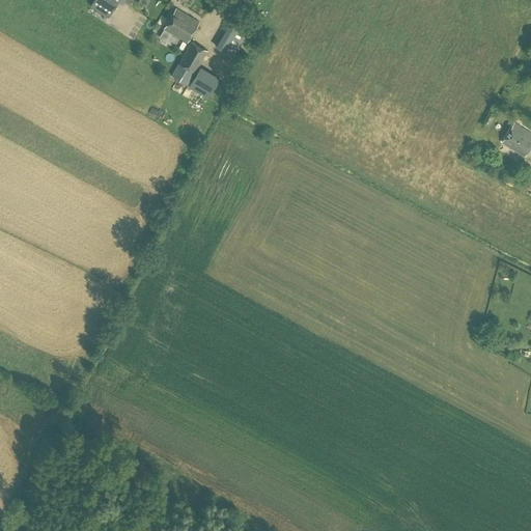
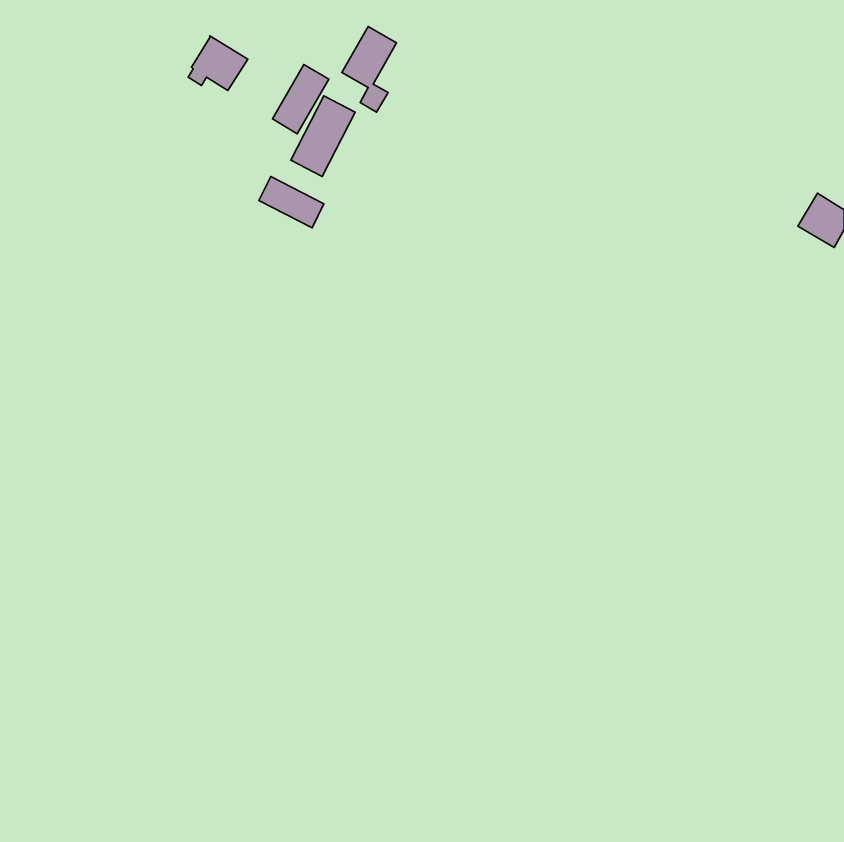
building: [162,7,199,41] -> [188,36,248,90]
building: none -> [259,176,324,228]

